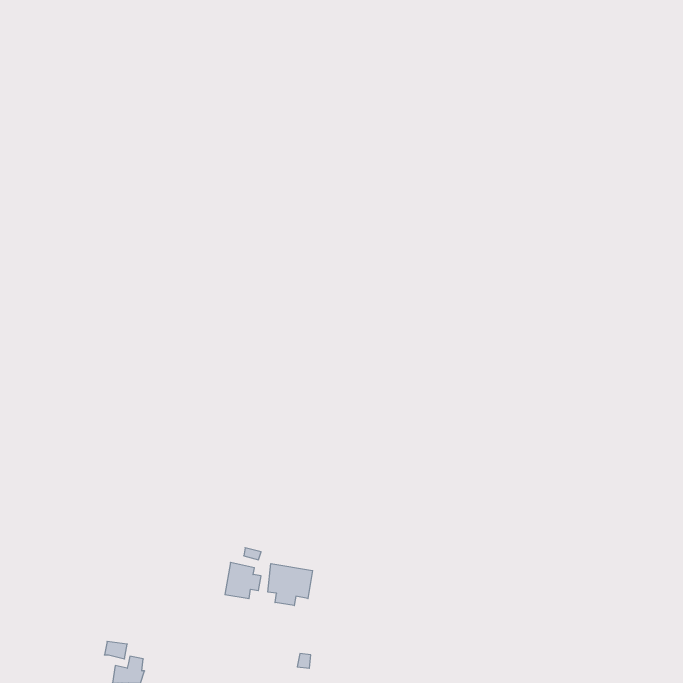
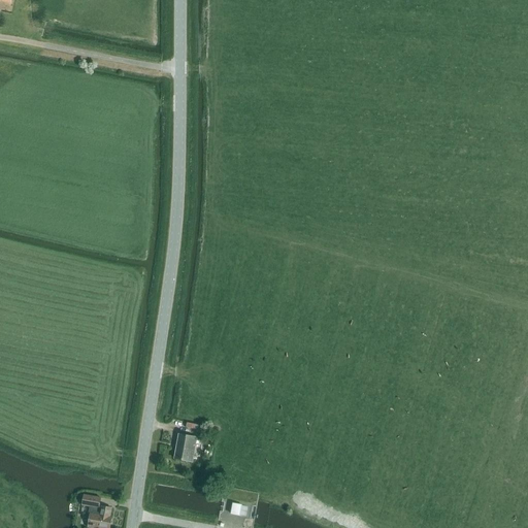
building: [268,564,313,606] -> none

